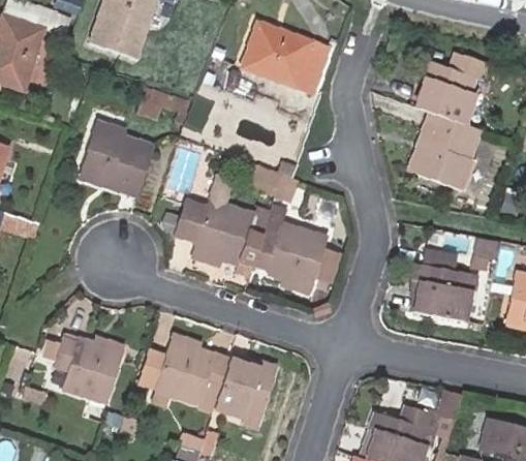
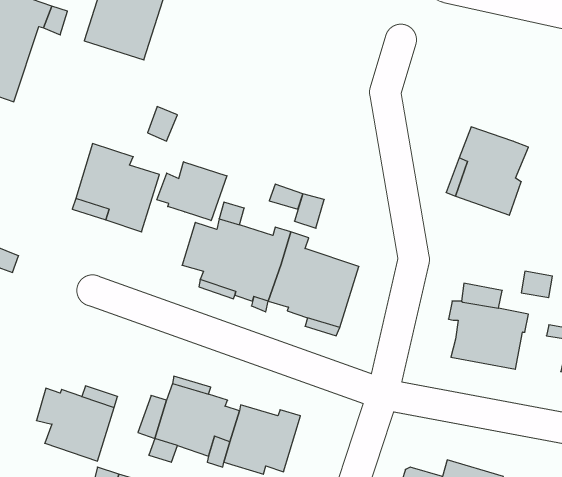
building: [241,16,335,91] -> none
building: [414,55,486,127] -> none
building: none -> [157,162,227,221]

